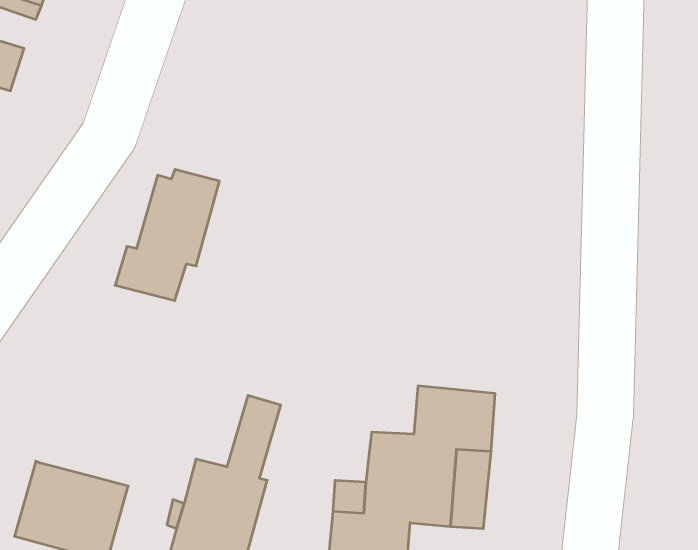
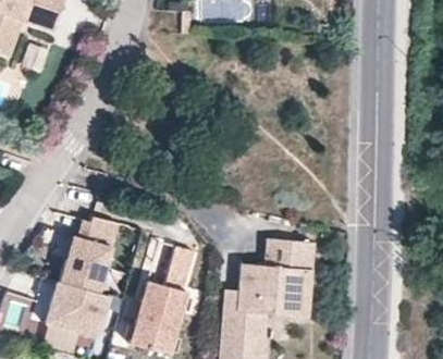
building: [115,169,219,301] -> [59,216,118,290]

